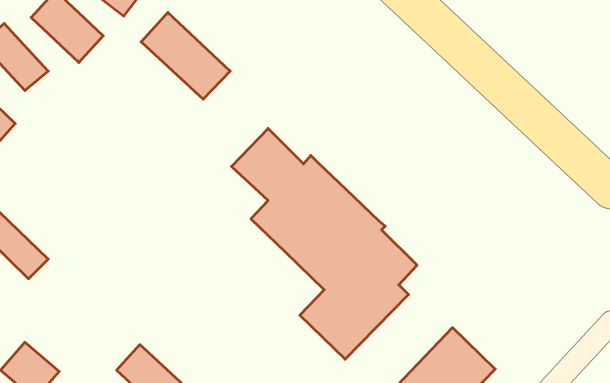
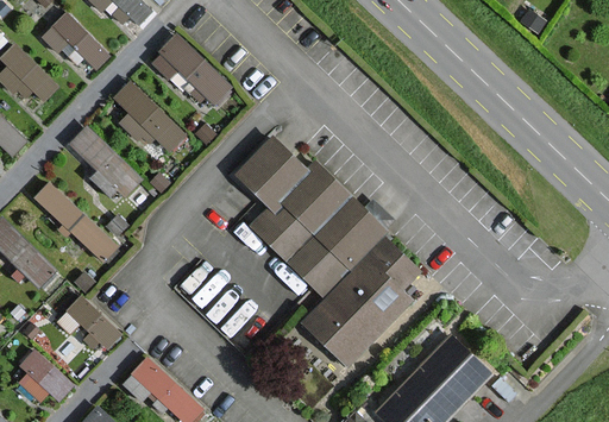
building: none -> [105,80,187,158]
building: none -> [64,124,143,201]
building: none -> [30,177,118,262]
building: none -> [58,290,121,353]

